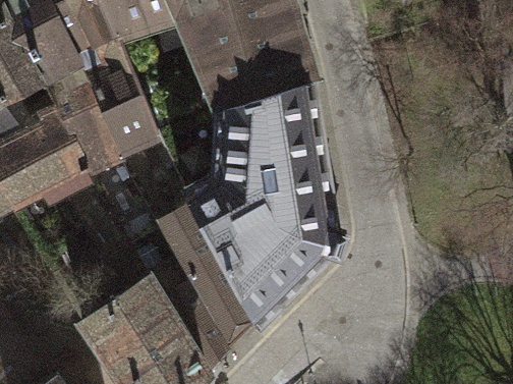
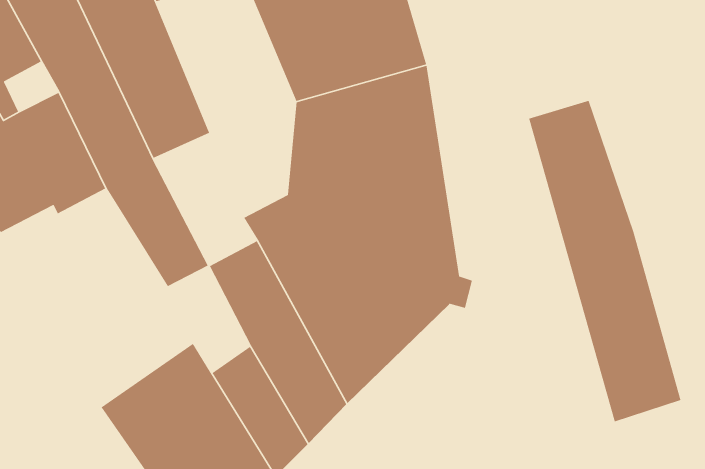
building: none -> [528,100,682,423]

